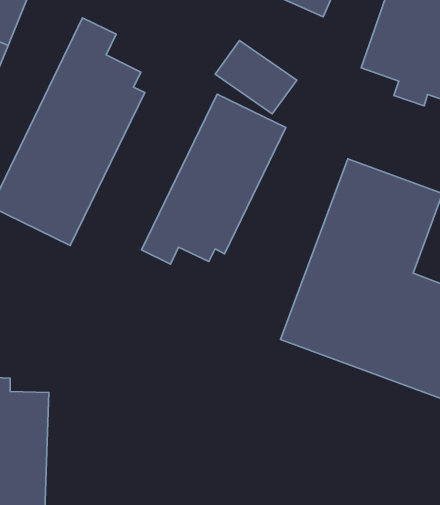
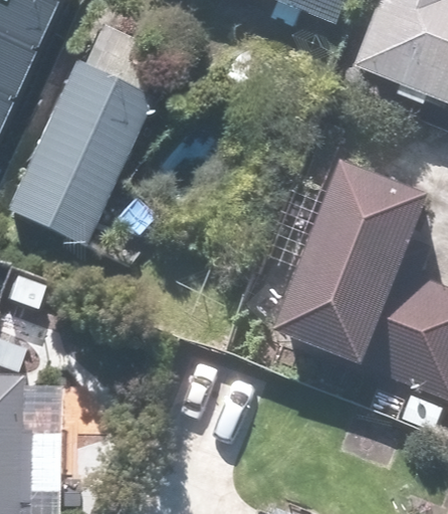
building: [141,94,286,264] -> none

